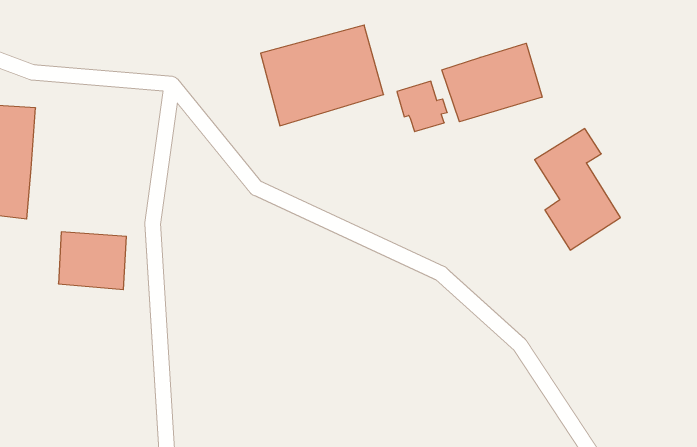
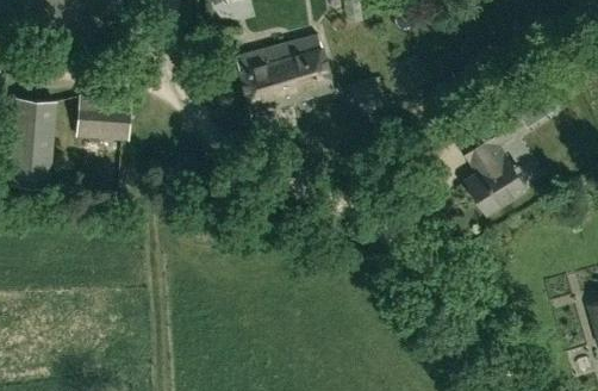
building: [442,43,542,122] -> none
building: [58,232,126,290] -> [75,95,130,142]

